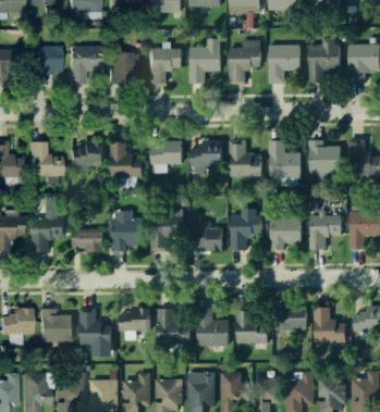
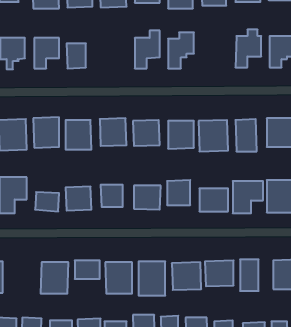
building: [270,43,299,80] -> none
building: [150,48,181,82] -> none
building: [41,309,73,345] -> none

